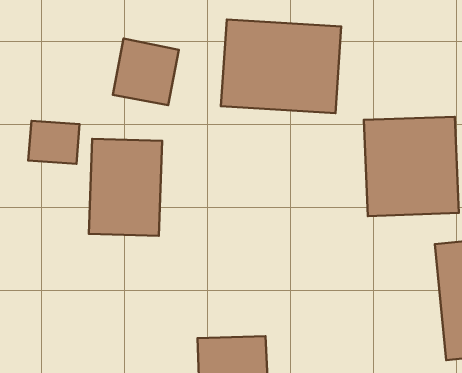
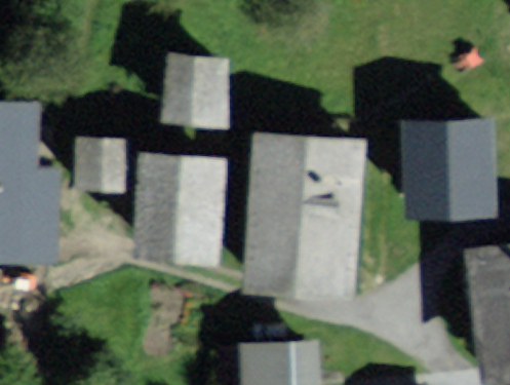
building: [221,19,341,113] -> none
building: none -> [248,133,348,279]

